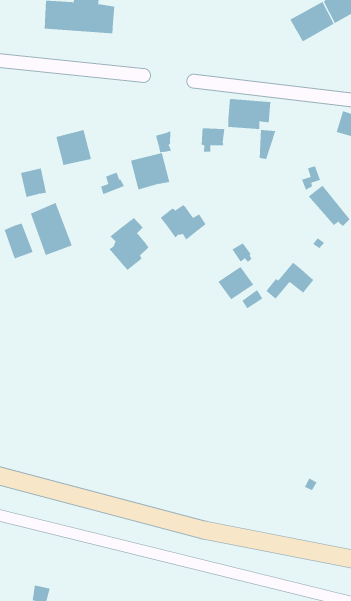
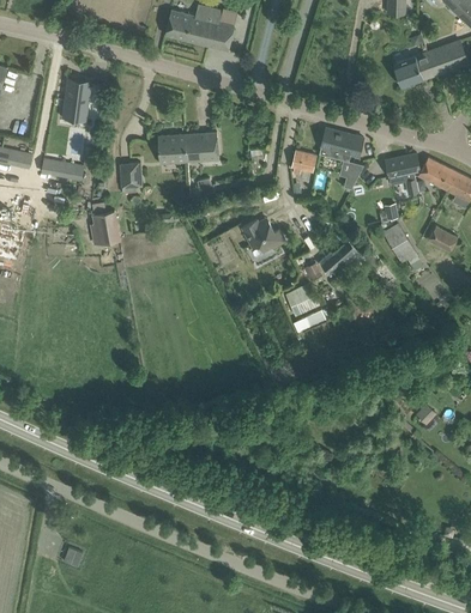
building: none -> [385,153,419,194]
building: [130,152,170,190] -> [186,132,219,163]
building: [30,202,72,256] -> none
building: [109,217,149,271] -> none
building: [265,262,314,300] -> [319,239,366,272]

